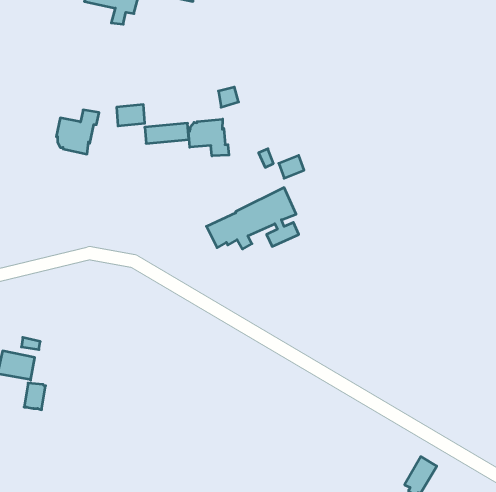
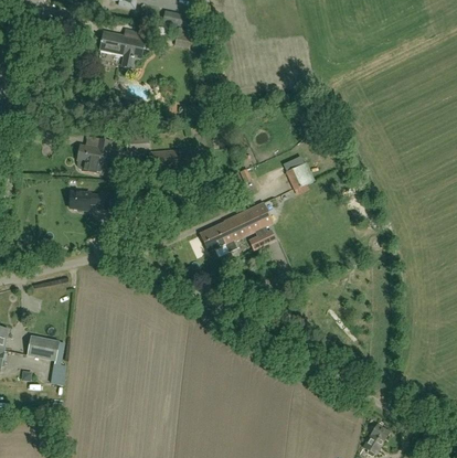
building: [188,119,229,156] -> none
building: none -> [285,161,312,189]
building: none -> [70,191,109,210]

